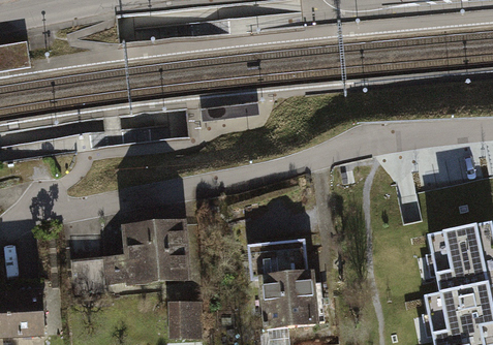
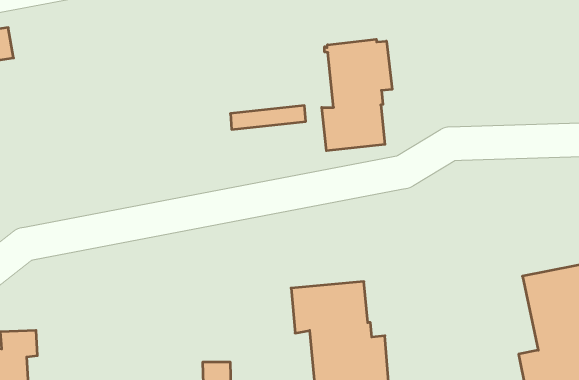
building: none -> [322,39,392,151]
building: [72,224,186,295] -> none

